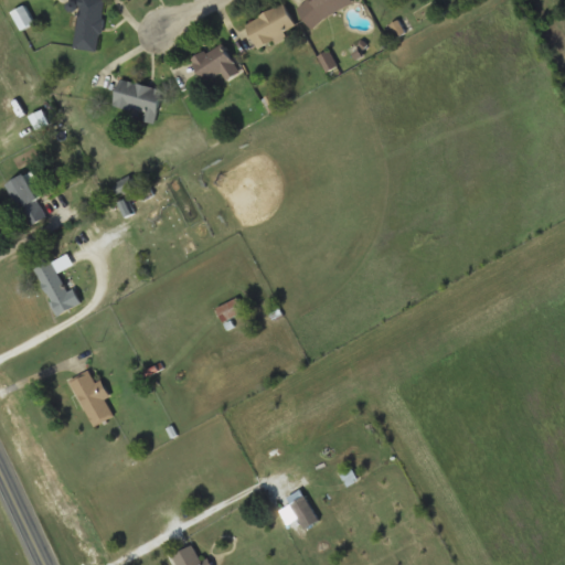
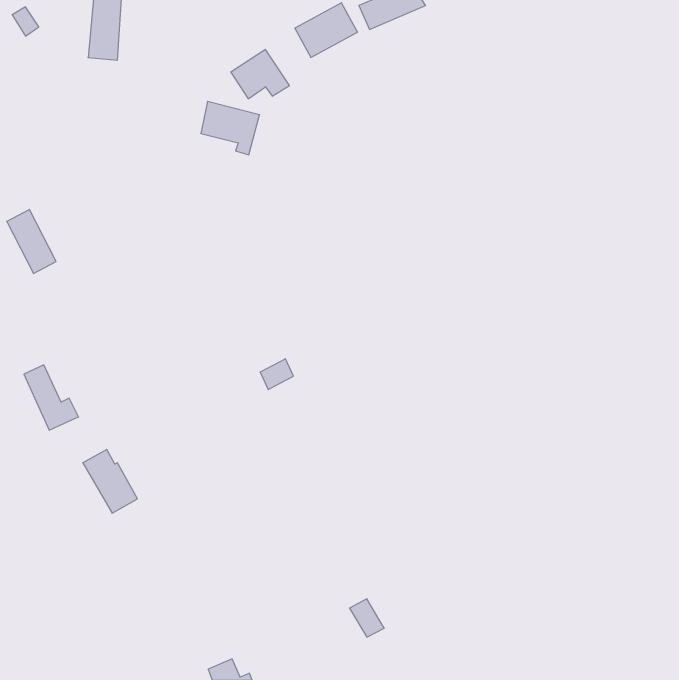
building: [113,78,161,122] -> [201,101,260,155]
building: [34,260,79,315] -> [24,365,79,430]

